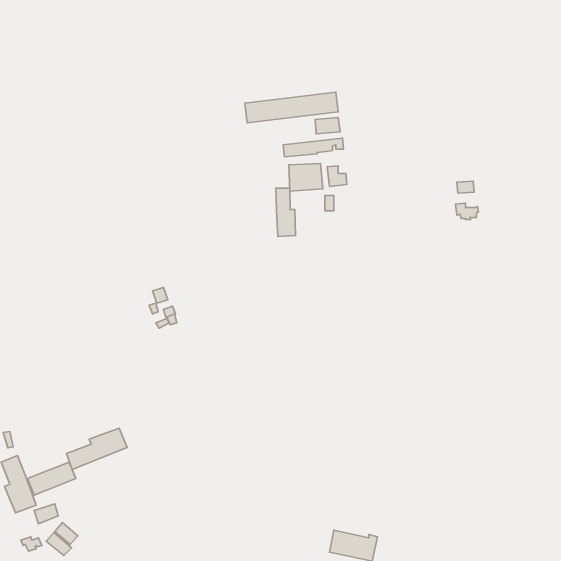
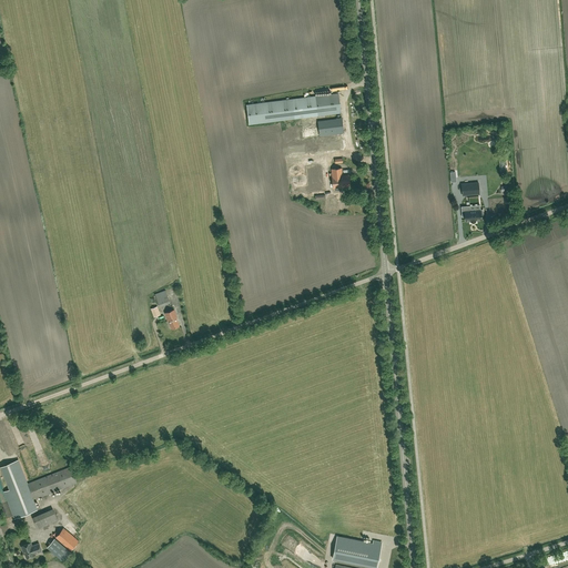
building: [276,188,295,237] -> none
building: [66,428,127,469] -> none

